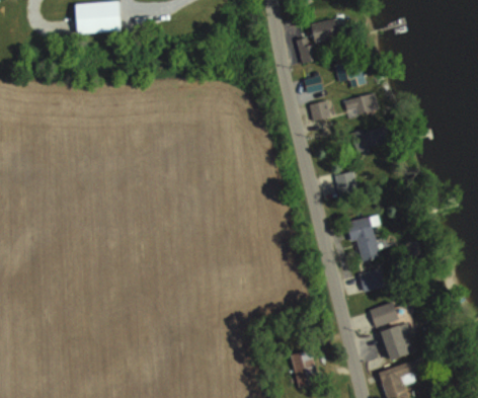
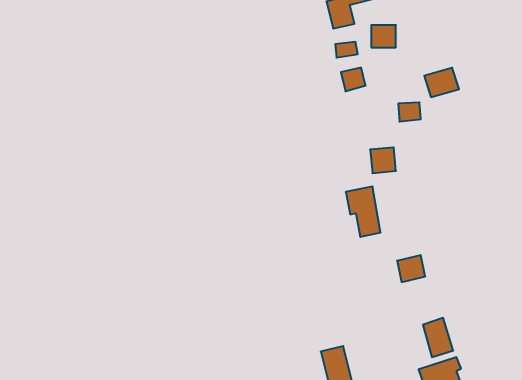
building: [341,93,373,120] -> [424,68,459,97]
building: [347,217,379,262] -> [346,186,381,237]
building: [368,303,397,327] -> none

